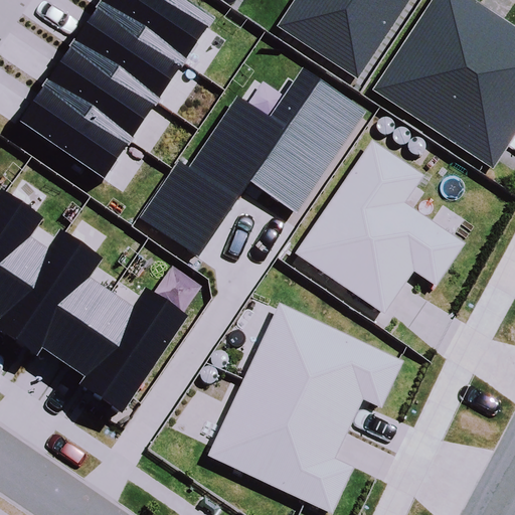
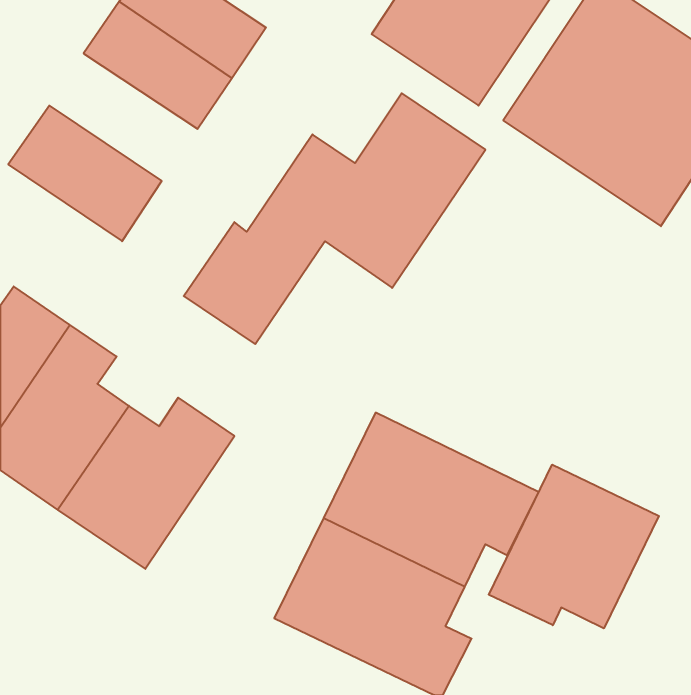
building: [43,39,152,133] -> none
building: [298,144,463,312] -> none
building: none -> [489,465,659,628]

